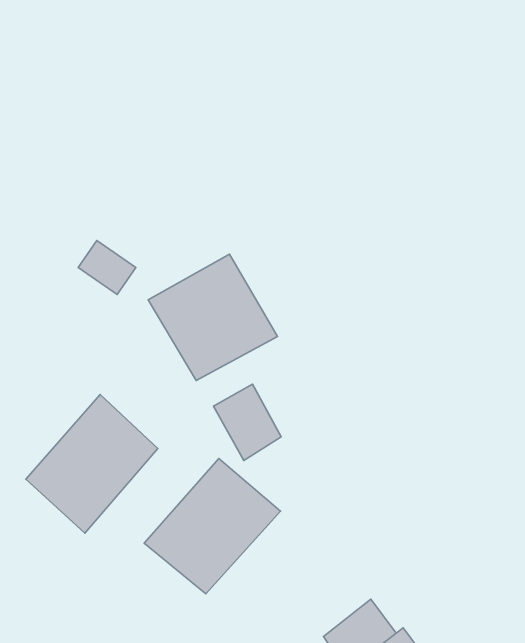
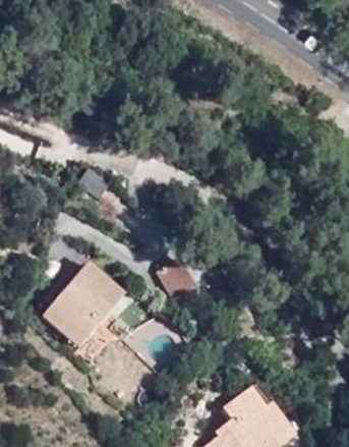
building: [148,254,277,381] -> none
building: [144,459,281,594] -> none

